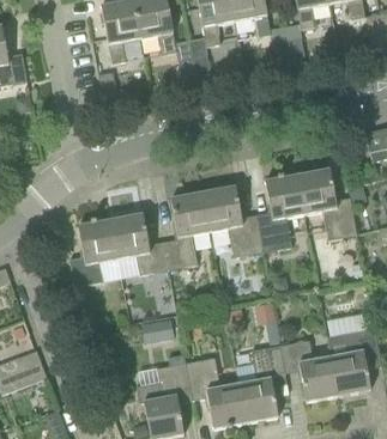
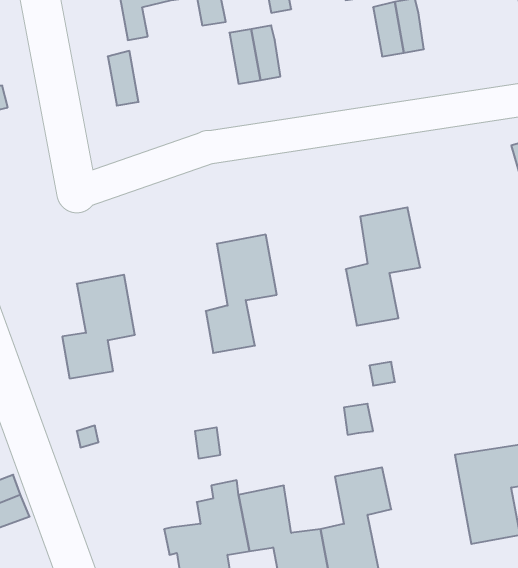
building: [296,166,356,237] -> none
building: [202,184,262,256] -> none
building: [109,211,168,274] -> none
building: [279,335,338,400] -> none

